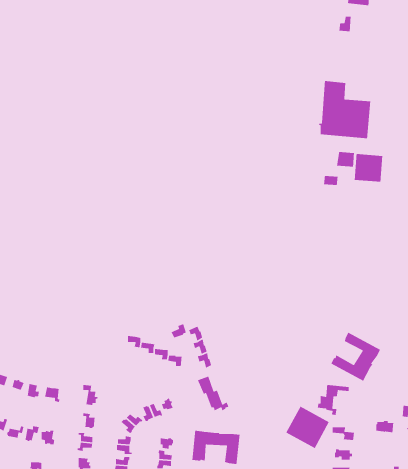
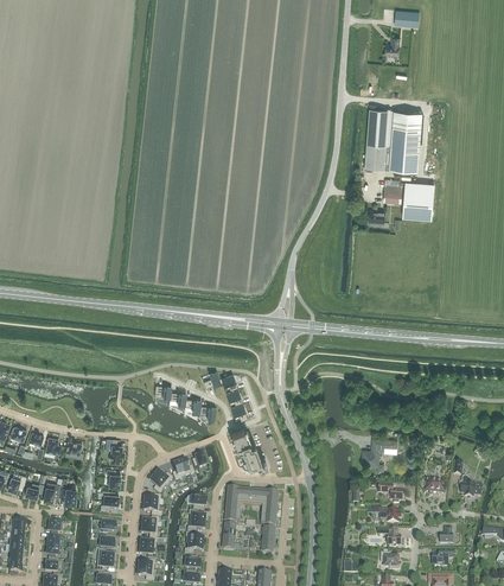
building: [330,332,381,382] -> none
building: [285,406,330,449] -> none

